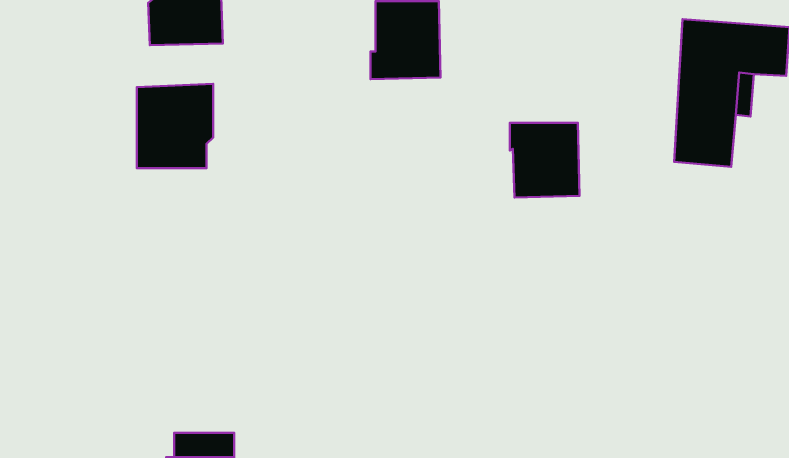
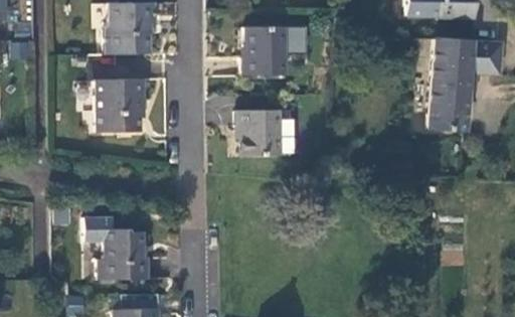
building: [510,123,580,198] -> [236,111,280,157]
building: none -> [99,228,148,280]

